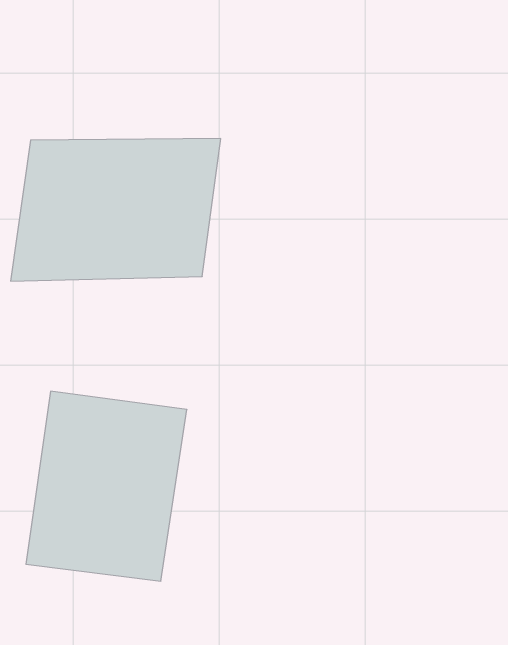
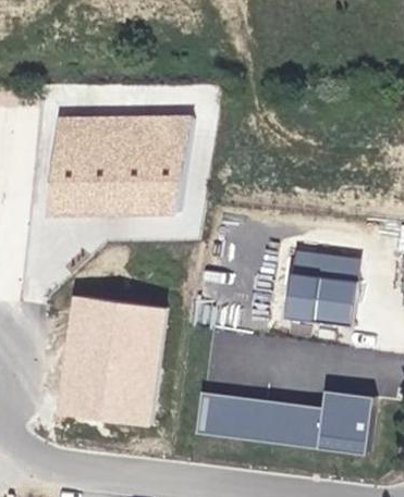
building: none -> [284,249,362,326]
building: none -> [196,392,372,456]

